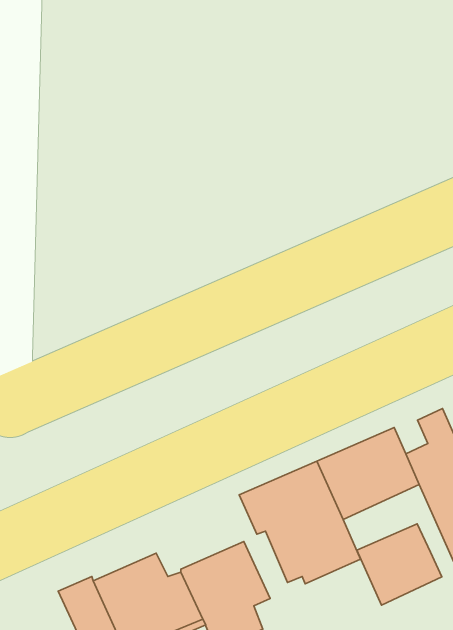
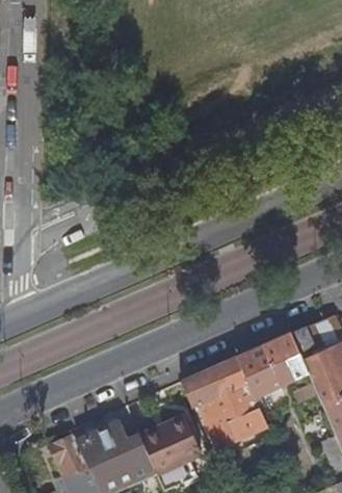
building: [357,524,442,605] -> none

